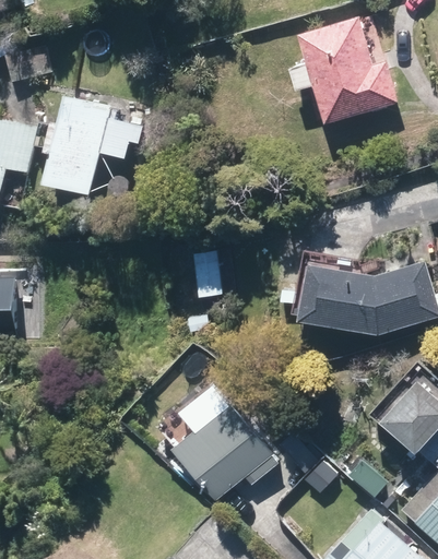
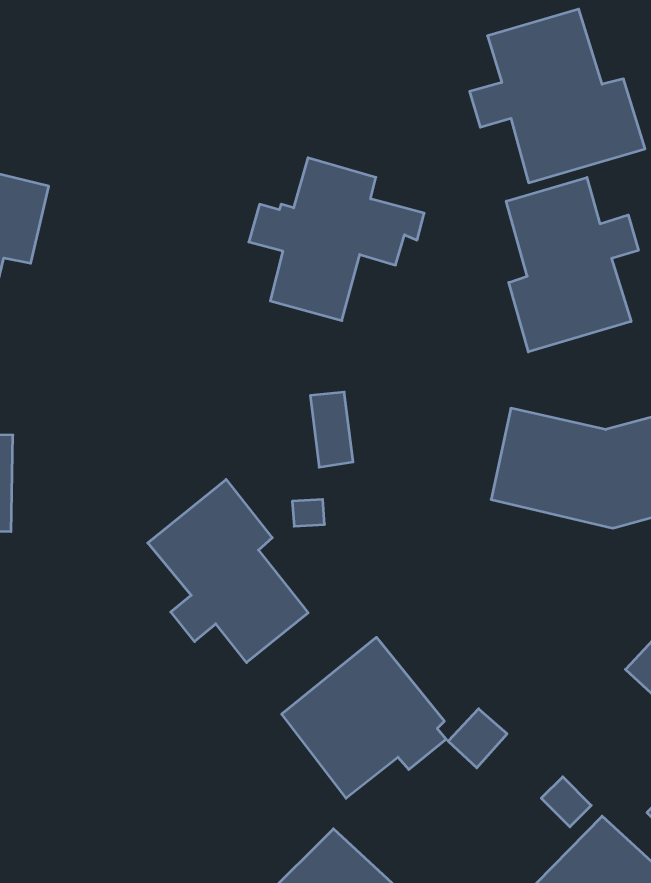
building: [32,95,139,194] -> [249,158,424,321]
building: none -> [506,177,638,352]
building: none -> [148,479,308,663]

